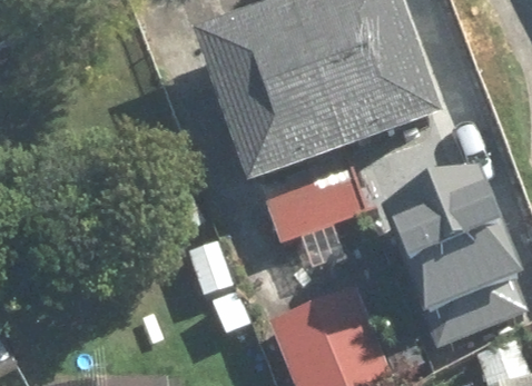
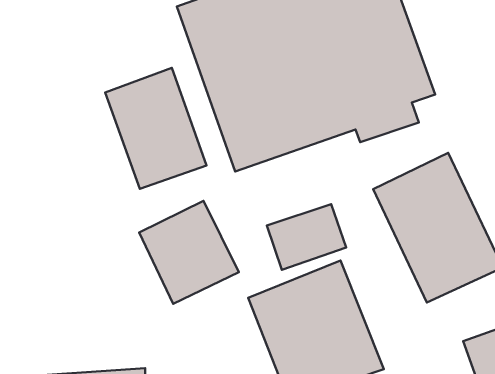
building: none -> [105,68,207,189]

